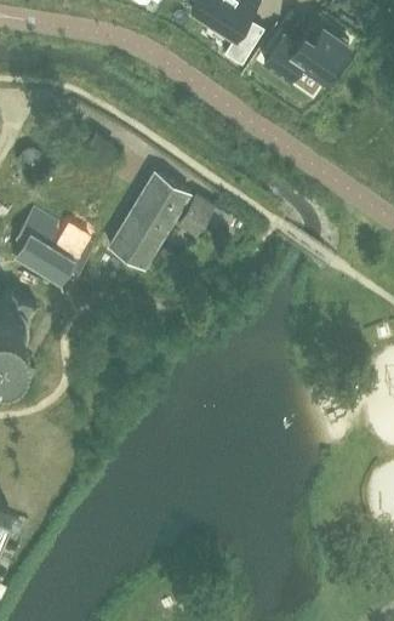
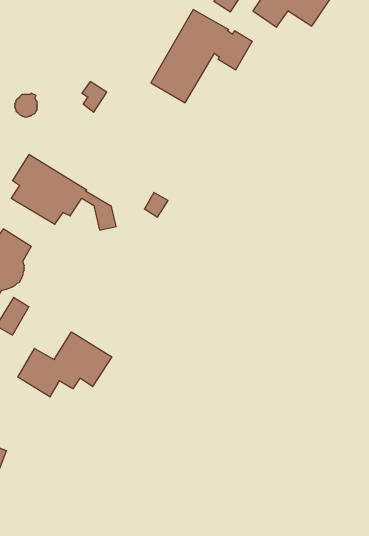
building: [109,175,213,270] -> [151,10,252,103]
building: none -> [18,332,112,397]

